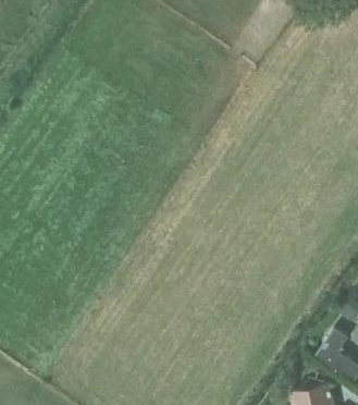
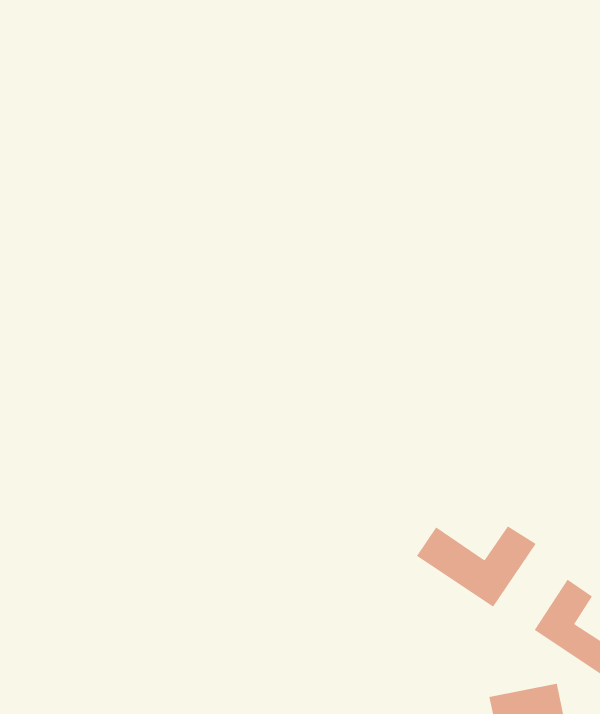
building: none -> [416,525,536,607]

